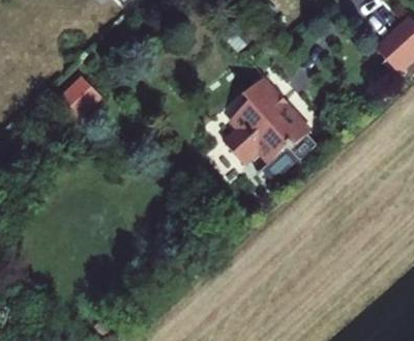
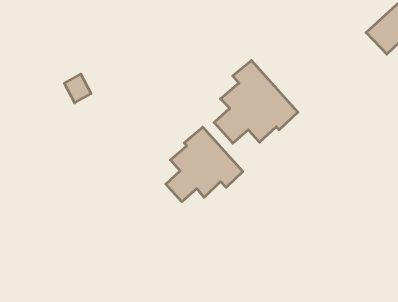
building: none -> [166,127,243,202]

